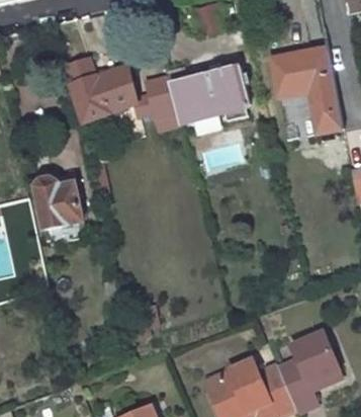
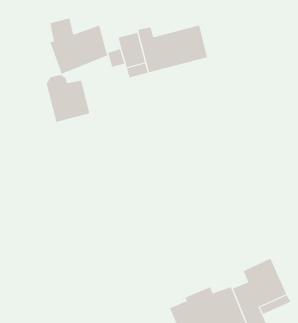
building: [271,48,343,132] -> none
building: [34,176,84,230] -> [46,75,90,122]

